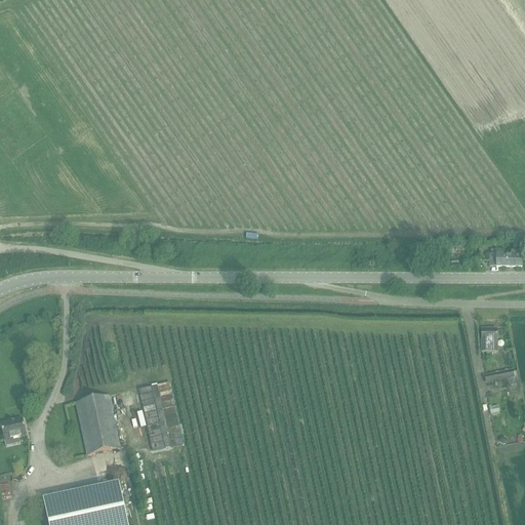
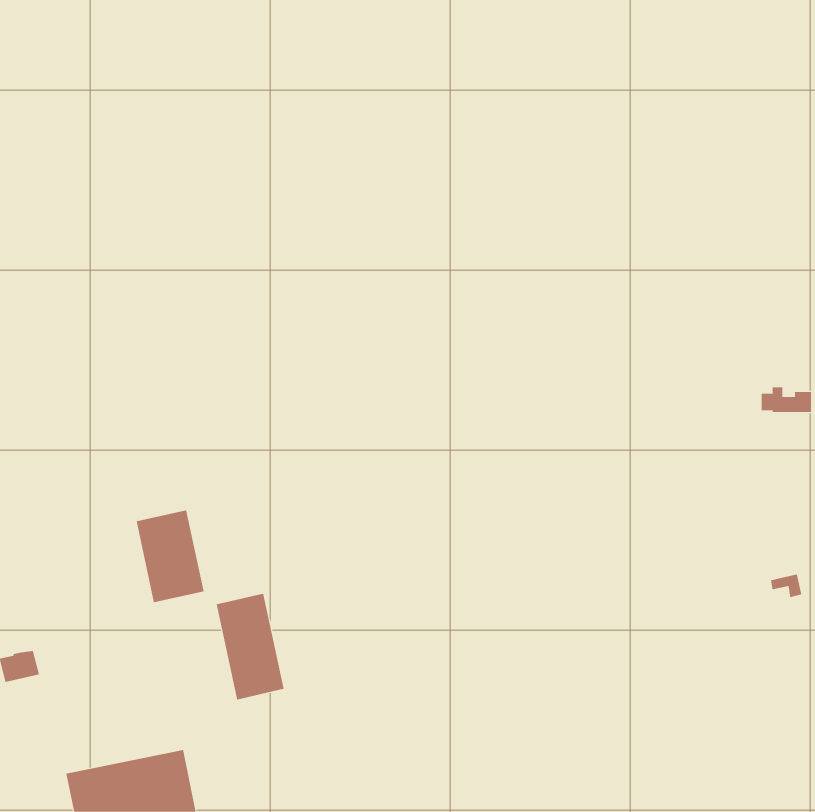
building: [480,327,496,351] -> none
building: [75,394,119,453] -> [136,510,204,603]

